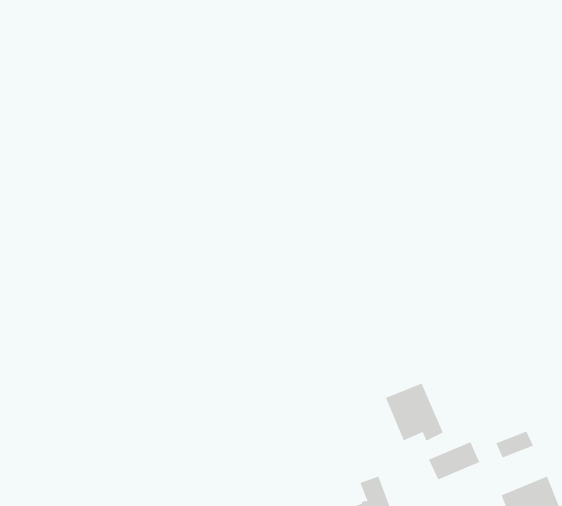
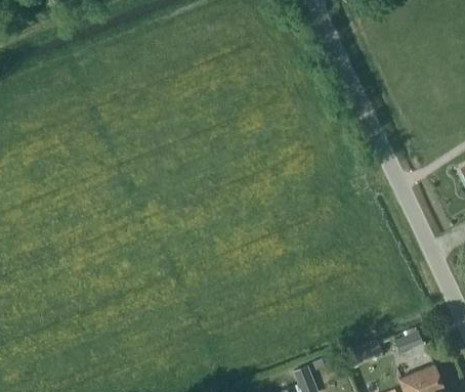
building: [385,383,443,442] -> none

